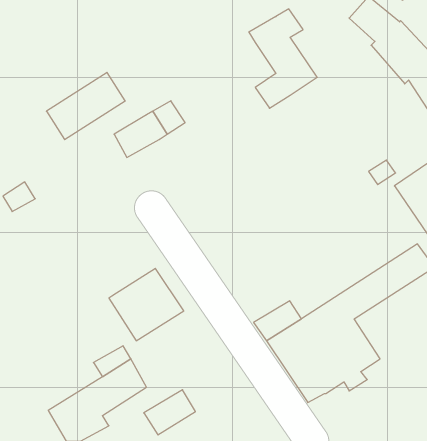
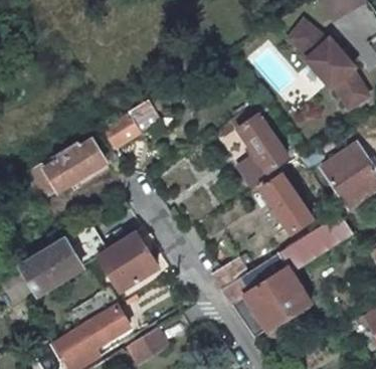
building: [249,9,317,108] -> [234,103,288,180]
building: [46,72,125,140] -> [44,139,106,191]
building: none -> [263,175,312,231]
building: none -> [21,225,104,294]

